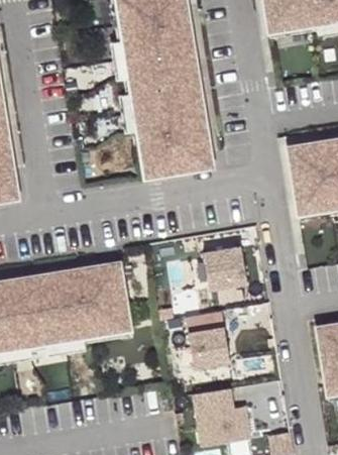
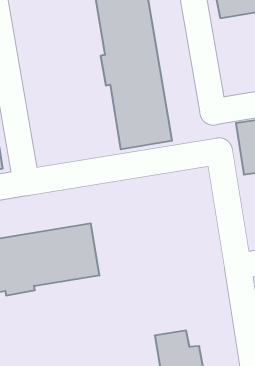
building: [202,245,246,289] -> none
building: [187,324,229,366] -> none

